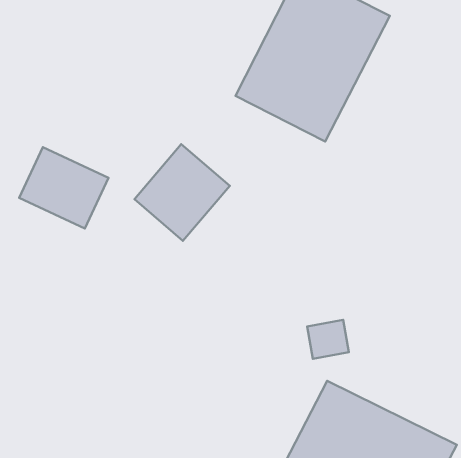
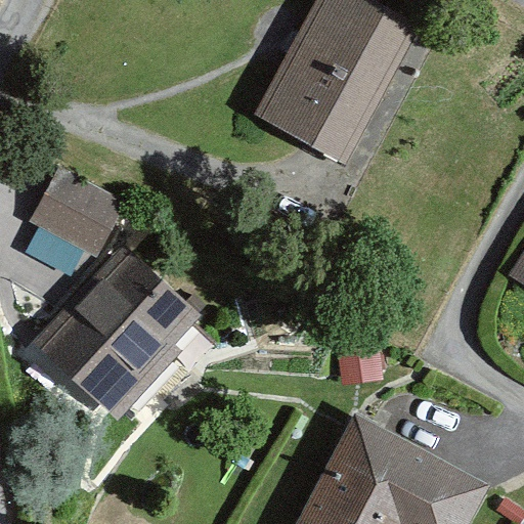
building: [134,144,230,241] -> none
building: none -> [36,238,209,416]

